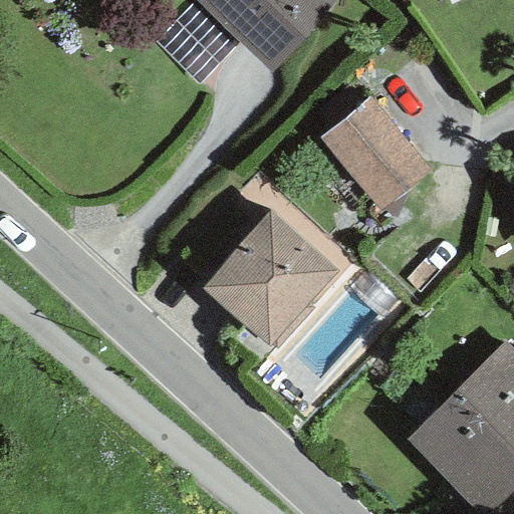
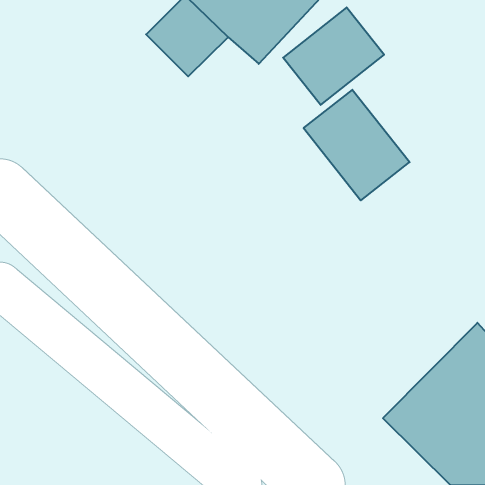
building: none -> [283,7,384,105]
building: [203,209,341,347] -> none

